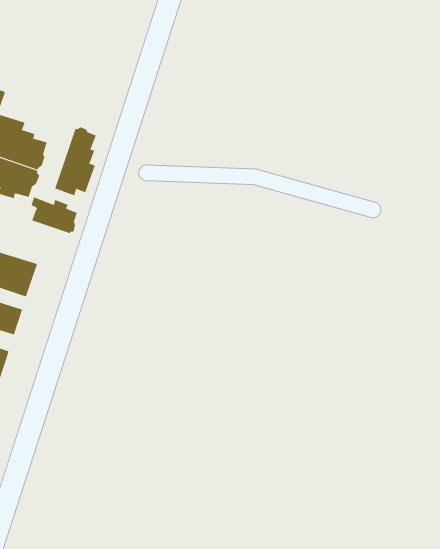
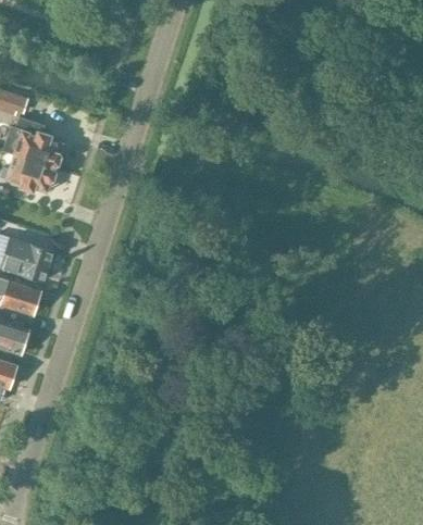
building: [54,127,97,196] -> none
building: [31,197,78,234] -> none

